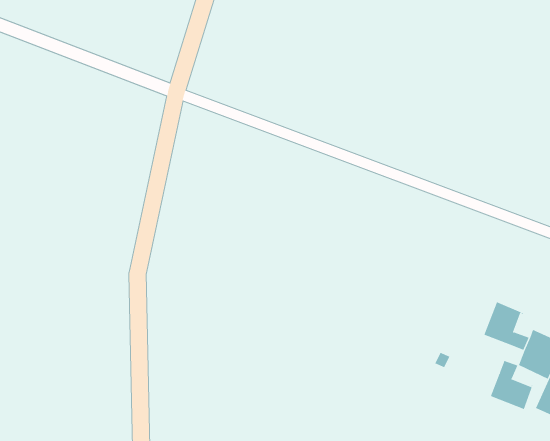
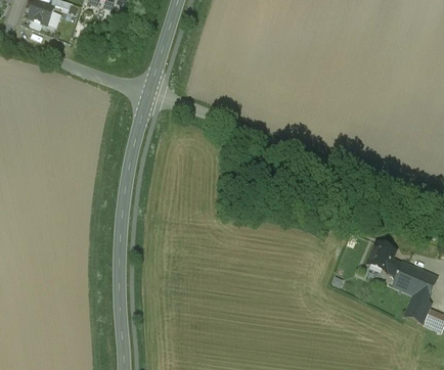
building: [490,360,533,410] -> none

